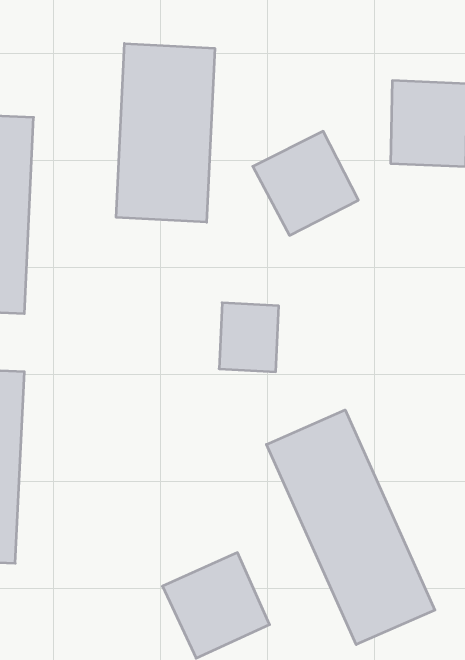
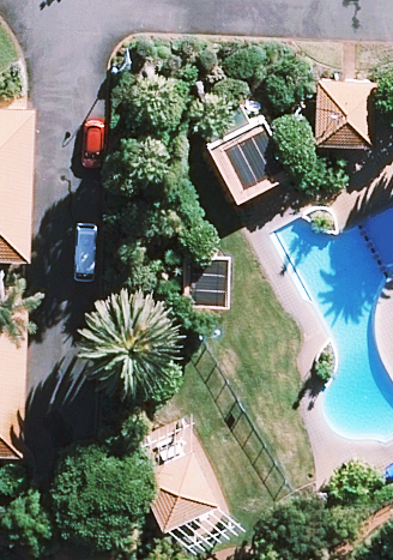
building: [116,43,215,222] -> none
building: [266,410,435,645] -> none

